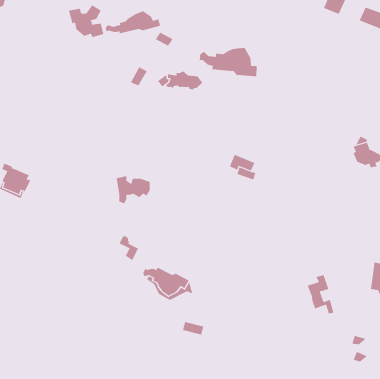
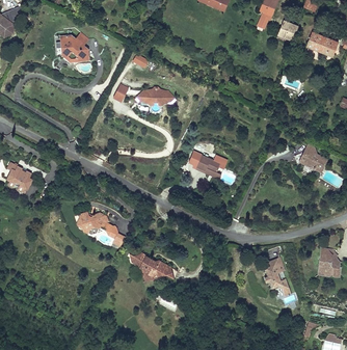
building: [105,11,161,34] -> none
building: [199,47,257,77] -> none
building: [116,176,151,204] -> [76,211,105,235]

